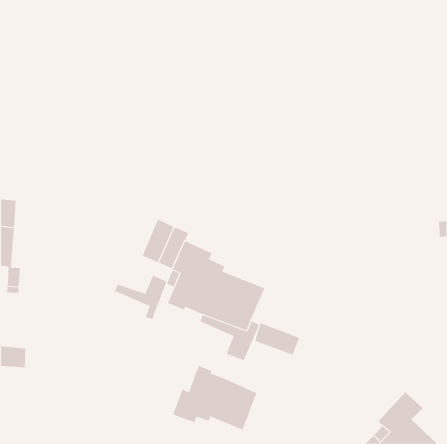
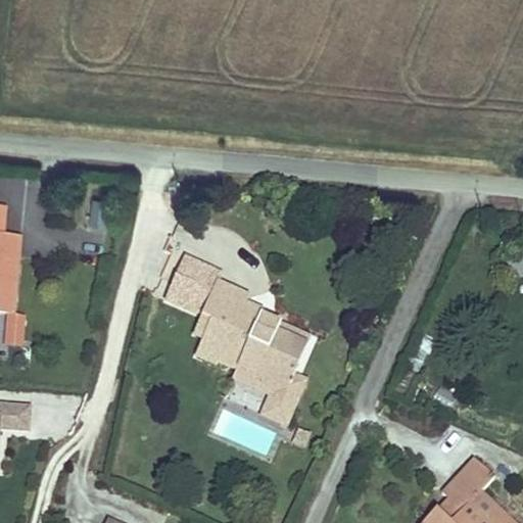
building: [114,275,167,320] -> none
building: [254,323,300,355] -> none
building: [173,365,257,431] -> none

